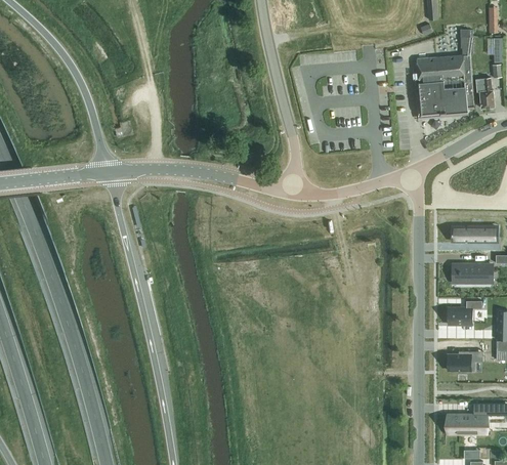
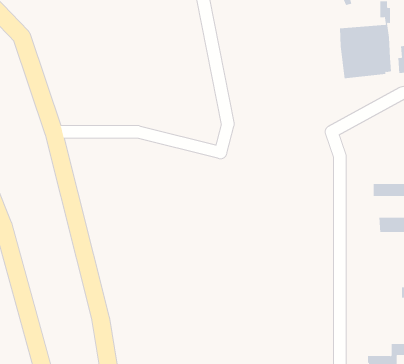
building: [447,301,481,325] -> none
building: [448,351,474,372] -> none

